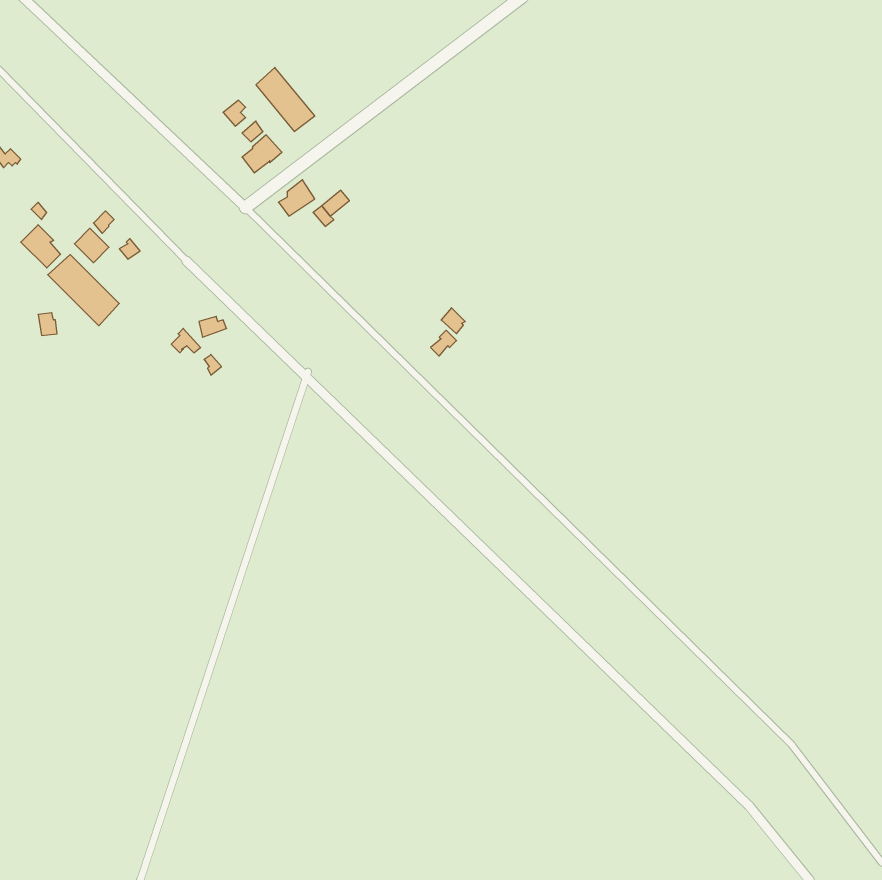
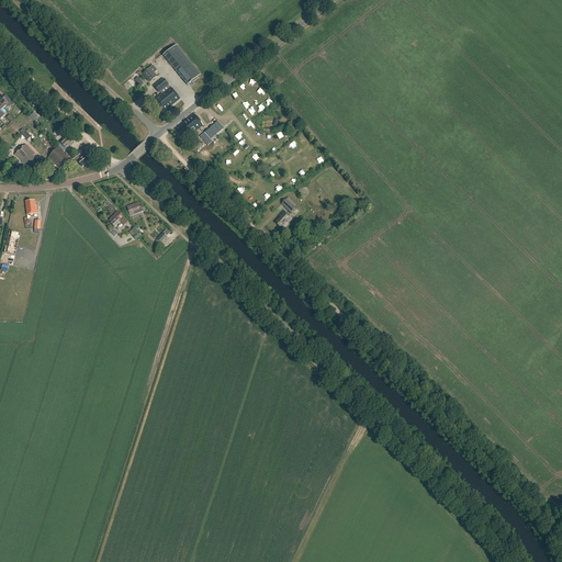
building: [48,255,119,326] -> none

